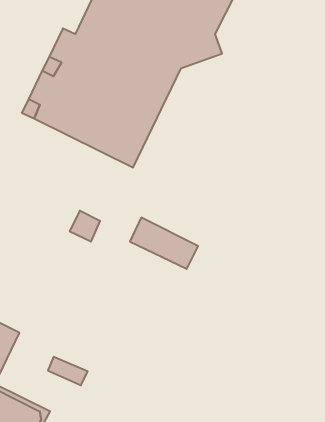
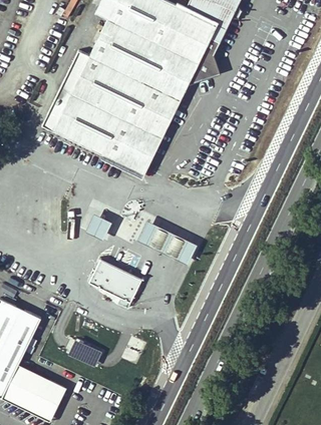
building: none -> [88,260,140,307]

